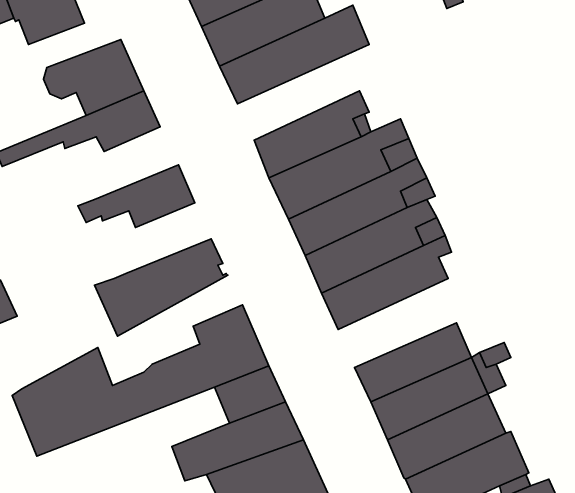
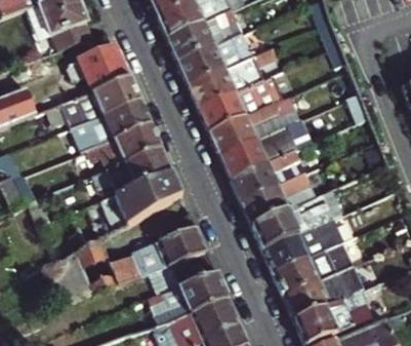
building: none -> [189,47,282,108]
building: none -> [89,100,152,145]
building: none -> [87,147,172,194]
building: none -> [251,191,337,249]

